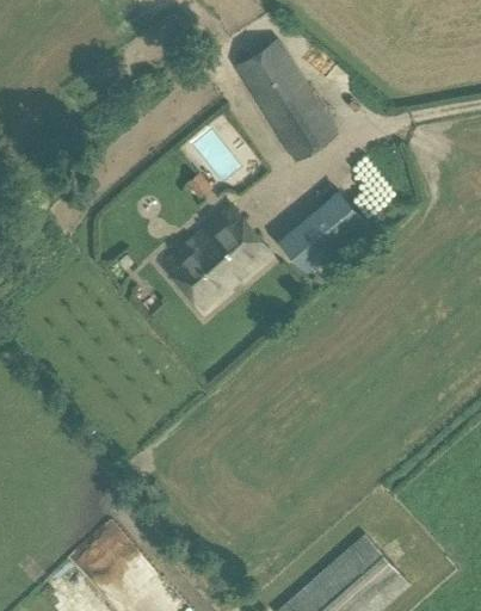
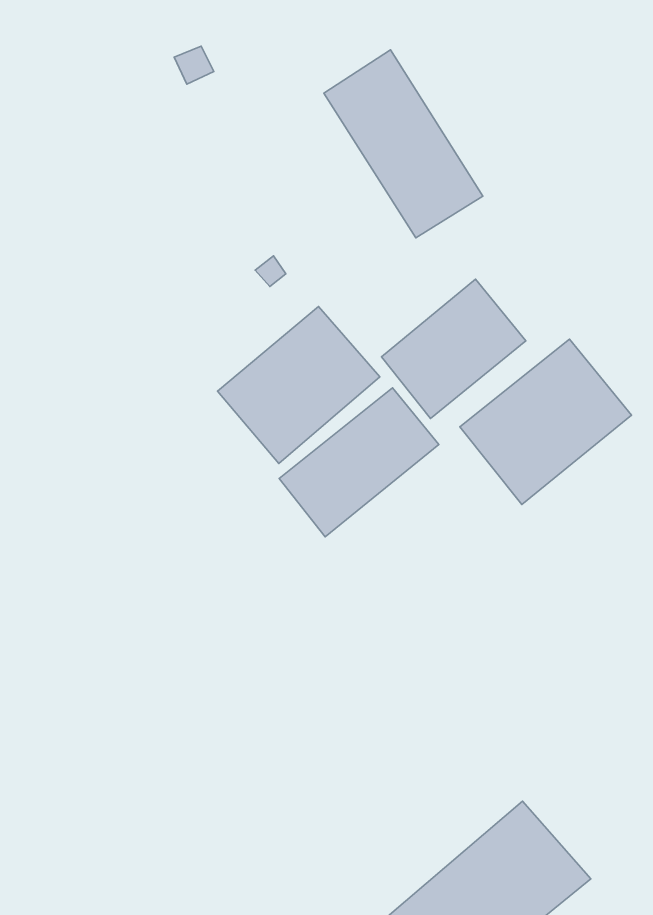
building: none -> [460,339,632,504]
building: none -> [279,388,439,537]

